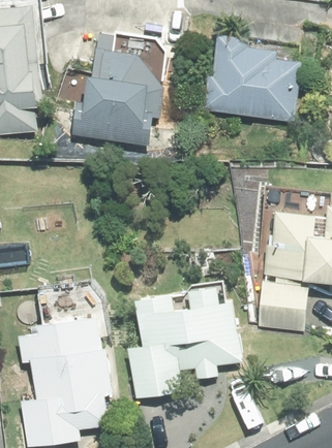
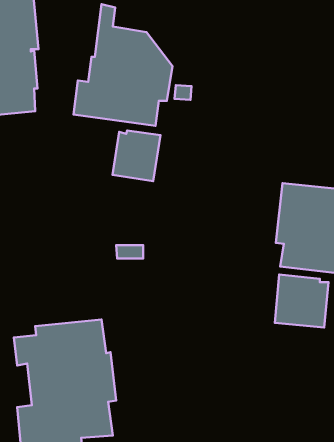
building: [203,37,301,121] -> none
building: none -> [112,131,160,181]
building: [129,291,242,397] -> none

